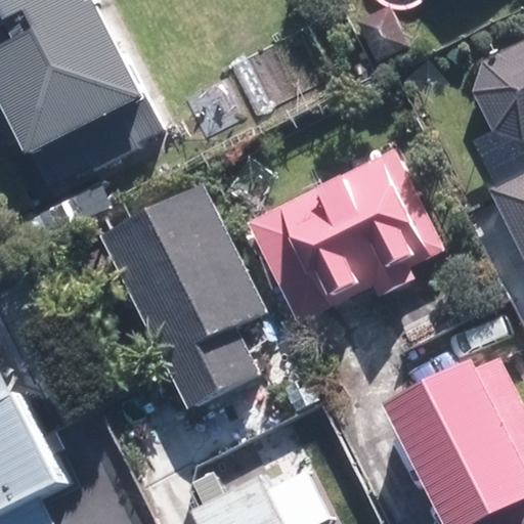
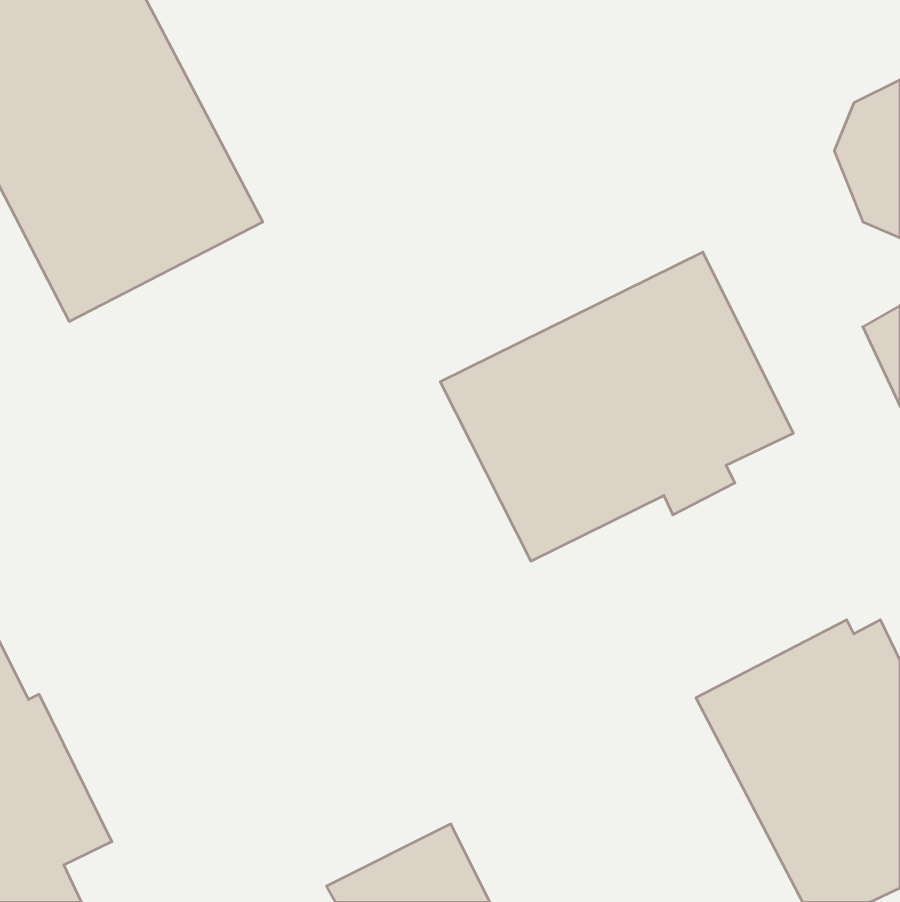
building: [98,182,260,402] -> none

